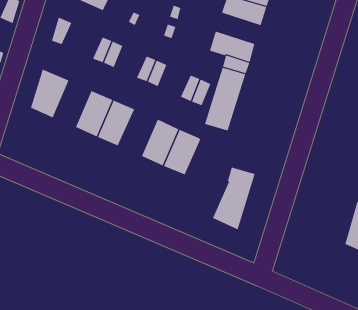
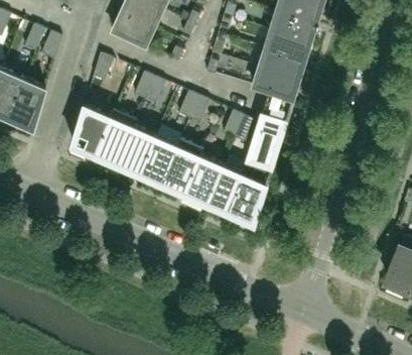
building: none -> [258,49,304,81]
building: none -> [95,111,137,164]
building: none -> [160,140,202,194]
building: [212,167,255,230] -> [228,161,271,225]

